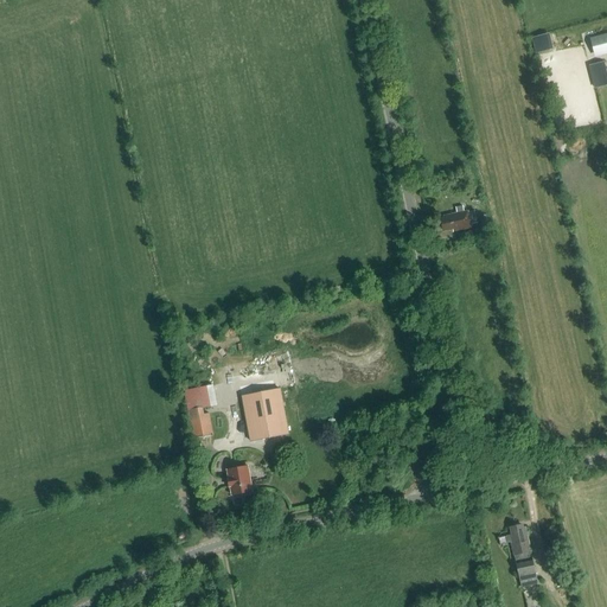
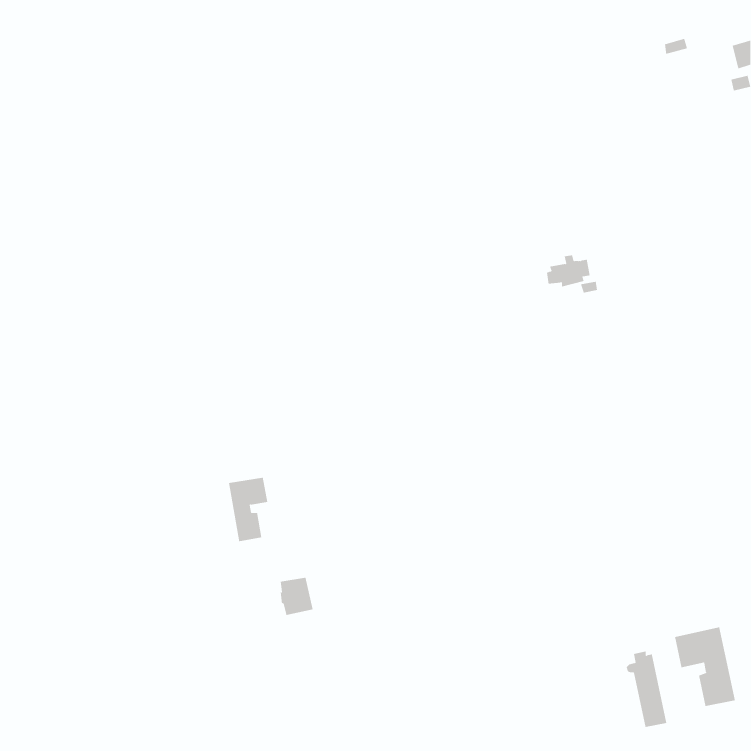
building: [239,388,288,440] -> none
building: none -> [675,627,735,707]

